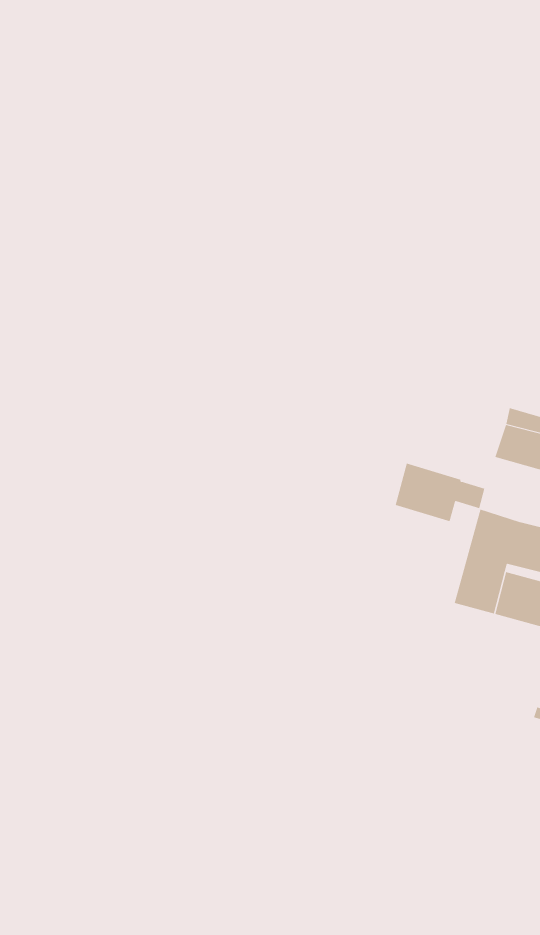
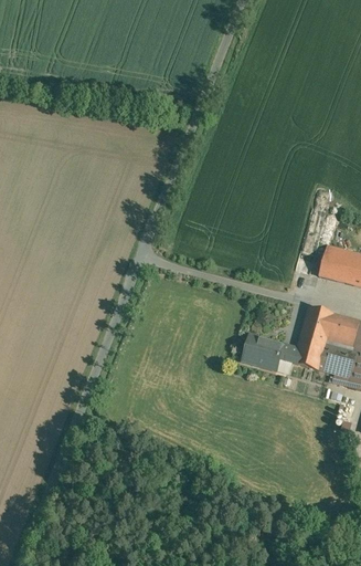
building: [395,463,485,522] -> [244,334,298,369]

